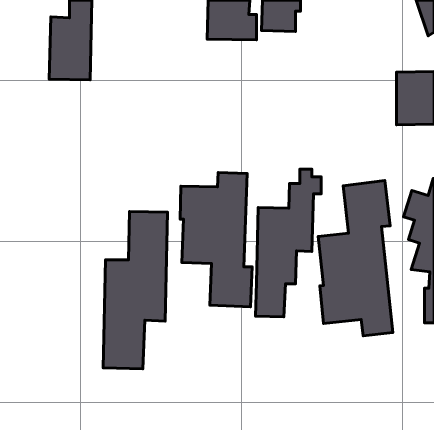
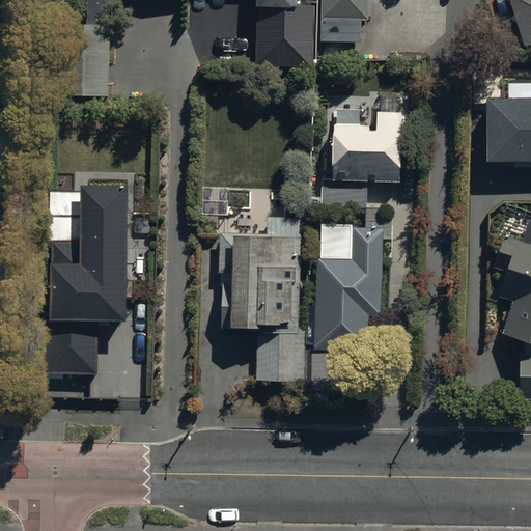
building: none -> [320,114,402,207]
building: [318,180,393,336] -> none
building: [103,211,168,369] -> [49,184,128,375]

